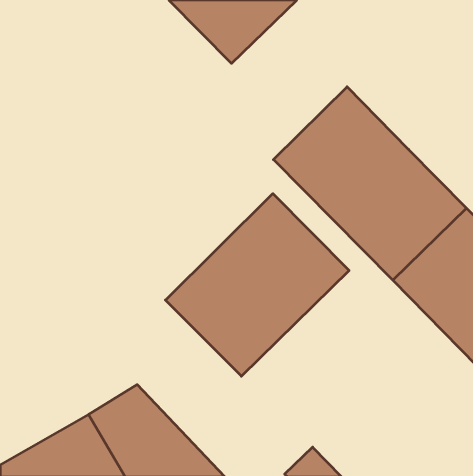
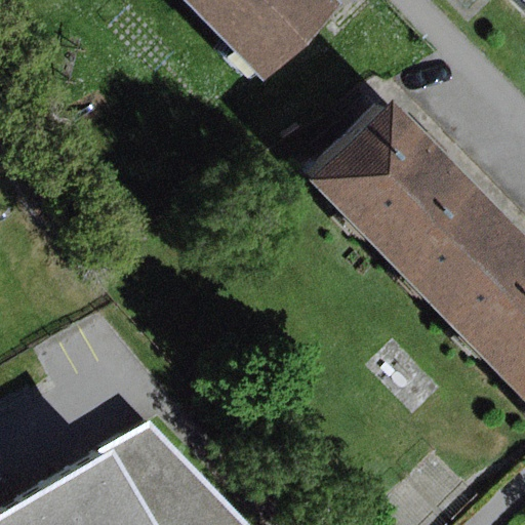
building: [165,194,349,376] -> none

